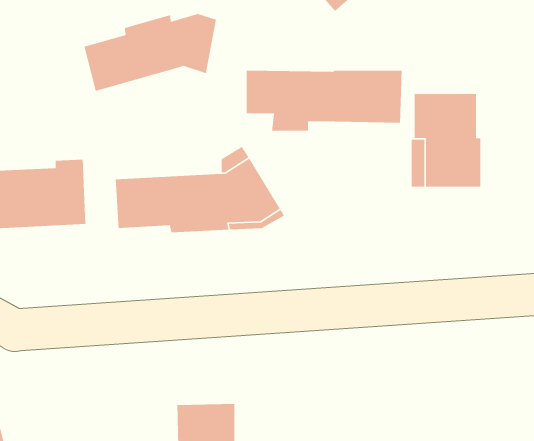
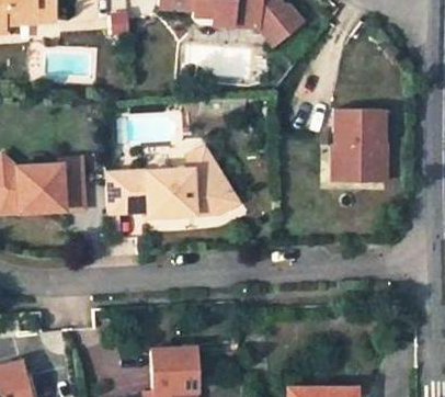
building: [84,13,217,92] -> none
building: [246,70,403,131] -> none

